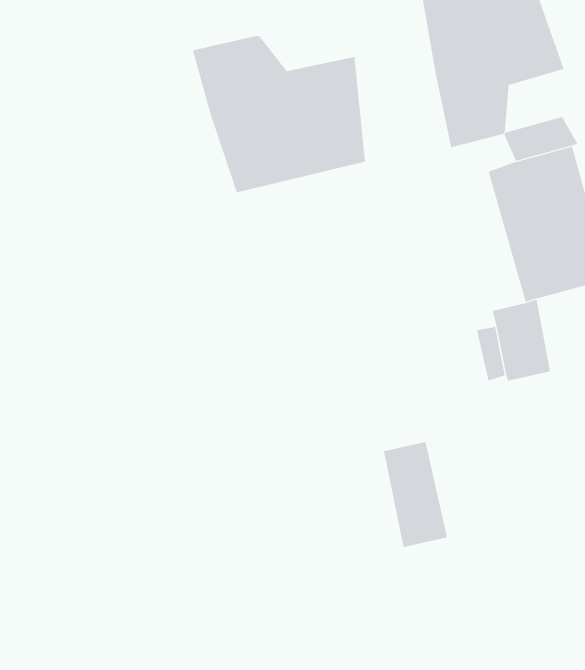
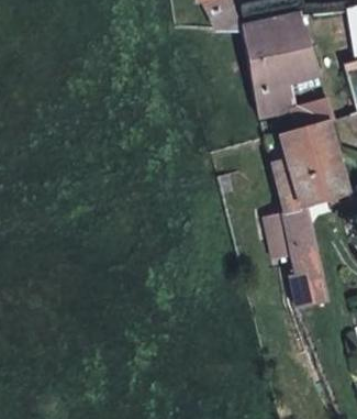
building: [192,35,365,193] -> none
building: [383,441,448,547] -> [290,244,326,304]

